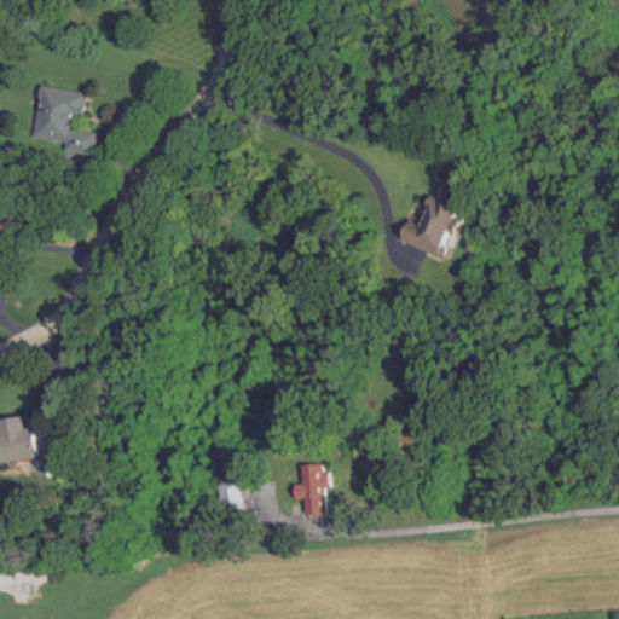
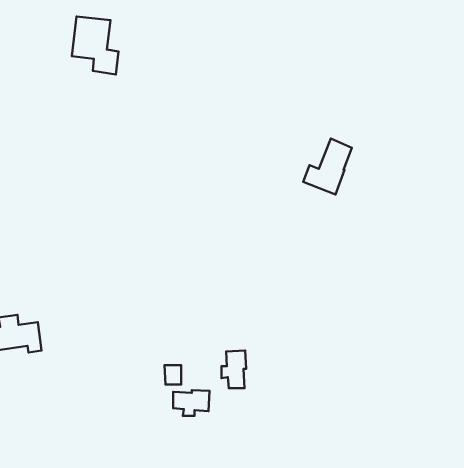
building: [31,86,93,162] -> [72,17,119,74]
building: none -> [173,390,209,416]

